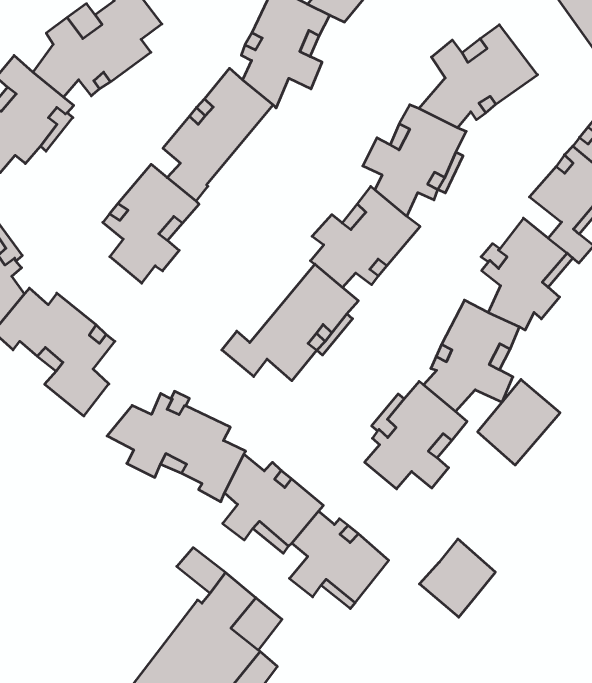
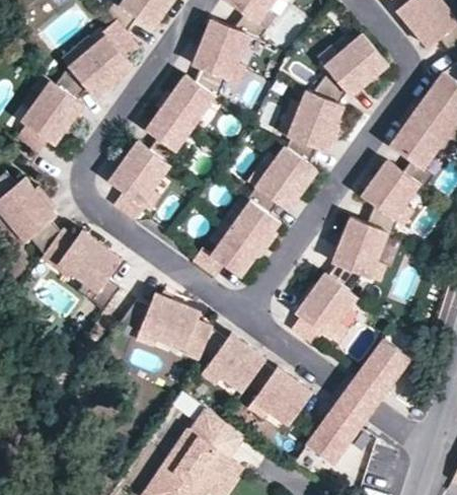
building: [478,379,560,465] -> [357,338,410,395]
building: none -> [306,406,361,464]

